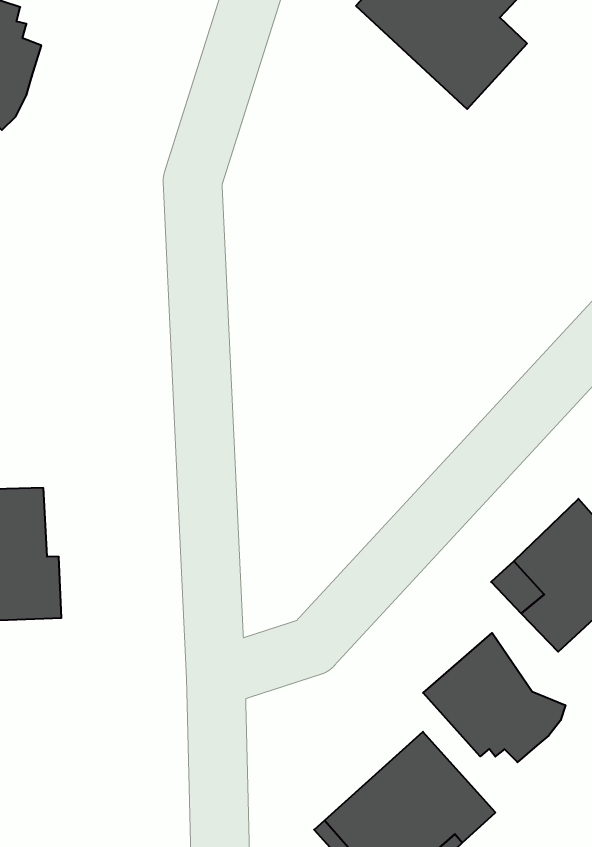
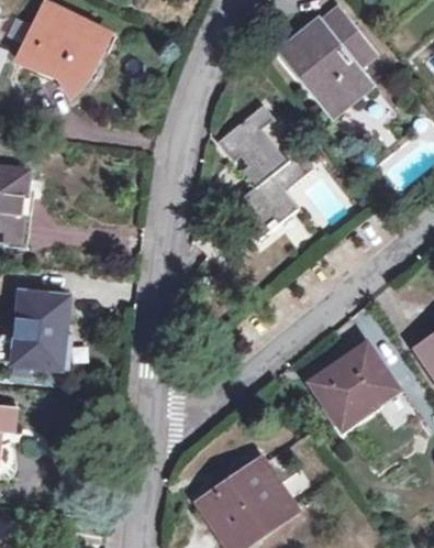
building: none -> [216,105,313,241]
building: [423,633,565,762] -> none

